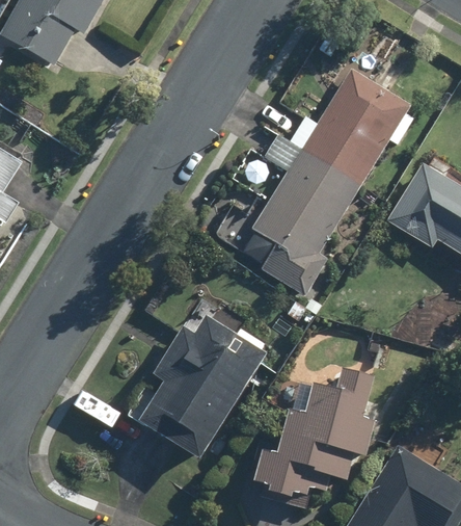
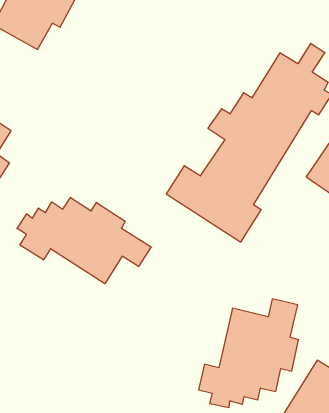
building: none -> [17,197,151,284]
building: [138,313,267,461] -> none

